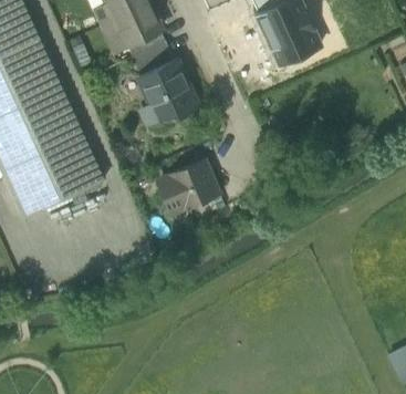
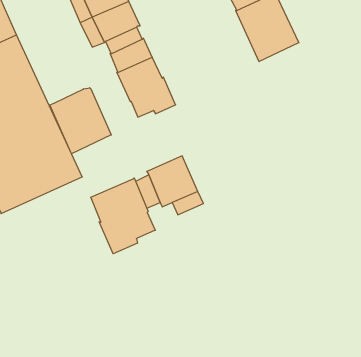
building: none -> [50,88,111,154]
building: none -> [91,178,155,254]

